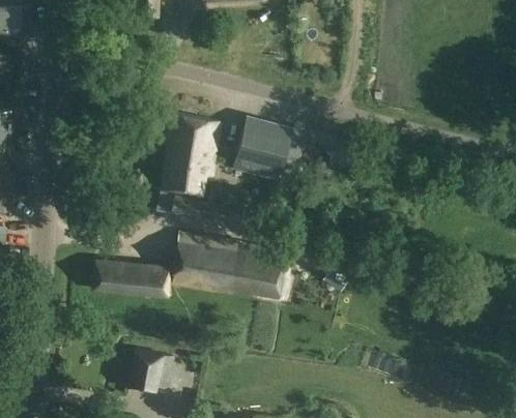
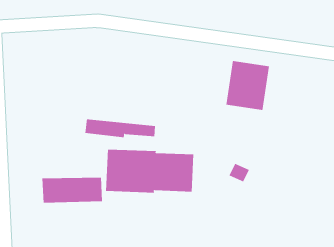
building: [163,113,223,196] -> none
building: [233,115,293,181] -> [225,60,270,111]

